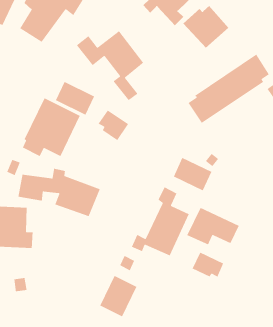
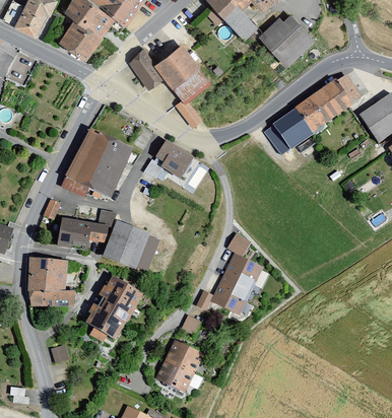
building: [55,81,95,116] -> none
building: [173,157,212,191] -> none
building: [186,207,240,245] -> none
building: none -> [85,277,140,343]
building: [191,251,224,278] -> none

